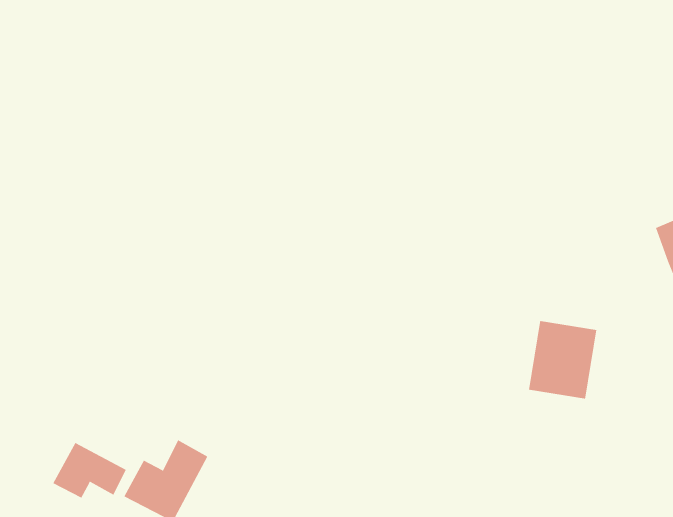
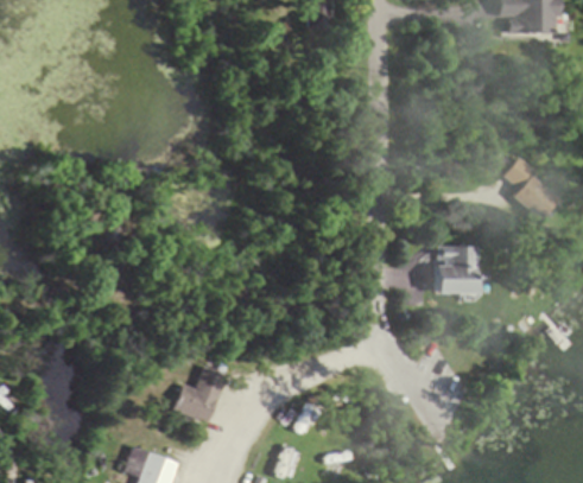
building: [52,442,127,499] -> none

